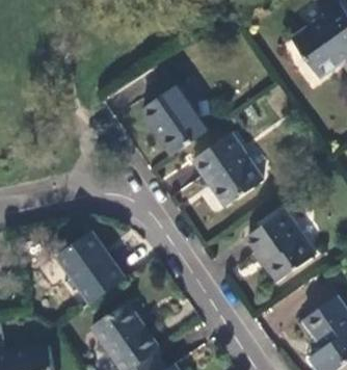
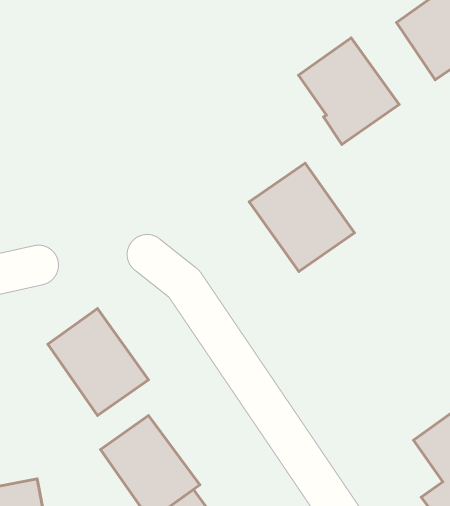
building: [140,84,208,156] -> [299,38,399,145]
building: [245,210,313,281] -> none

